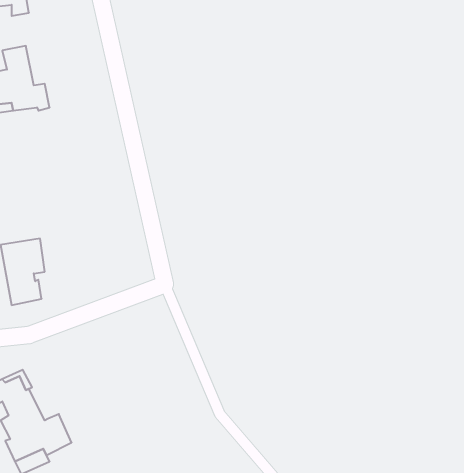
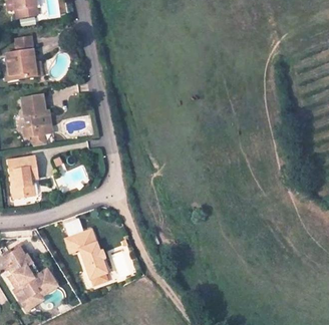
building: none -> [23,98,50,145]
building: none -> [68,234,107,282]

